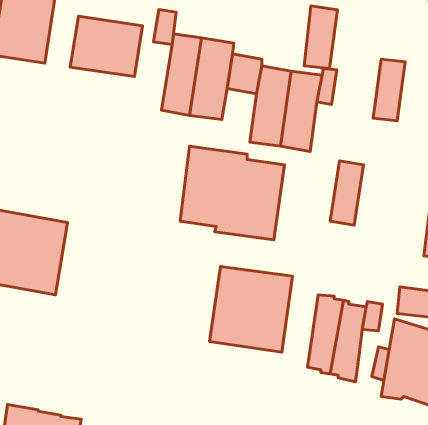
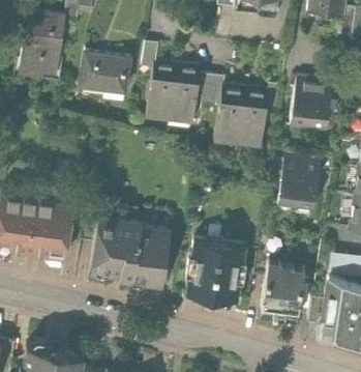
building: [304,6,338,69] -> [291,76,317,124]
building: [180,146,285,240] -> [89,214,170,287]
building: none -> [296,161,322,210]

